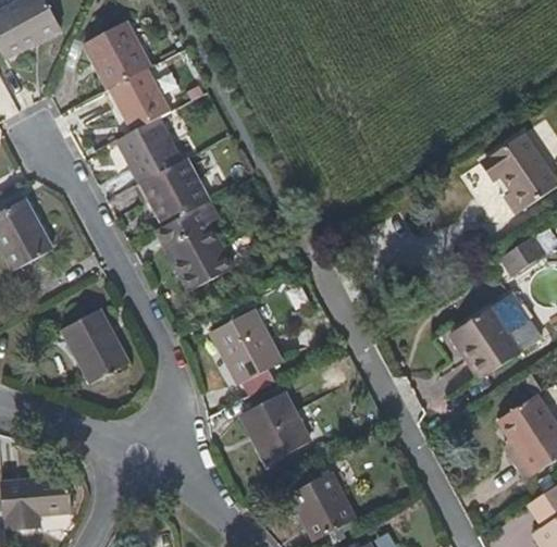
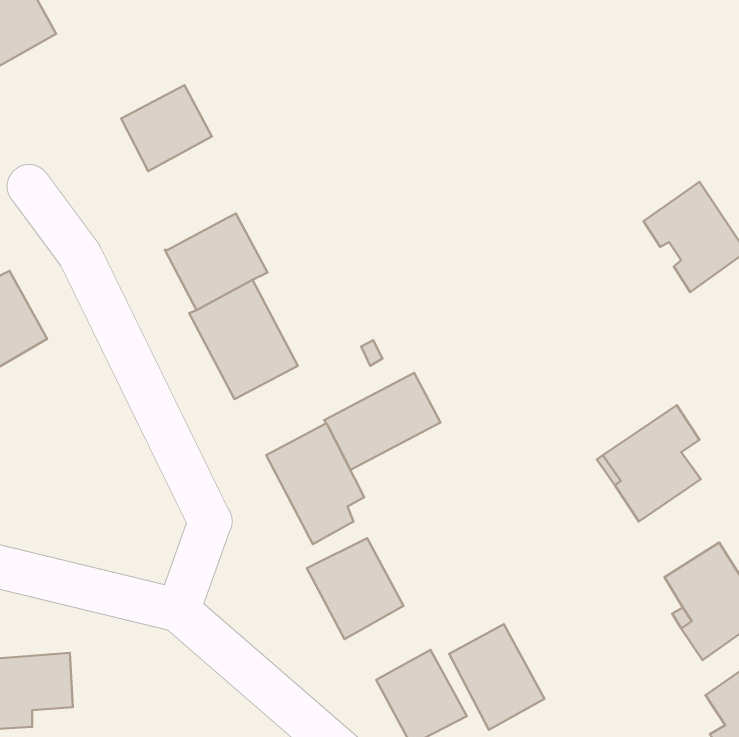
building: [83,22,152,89] -> none
building: [115,116,183,184] -> none
building: [500,237,547,277] -> none
building: none -> [324,373,440,470]
building: [61,309,132,385] -> none
building: none -> [449,624,545,730]

